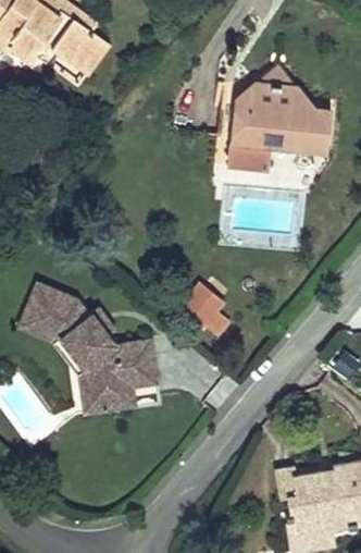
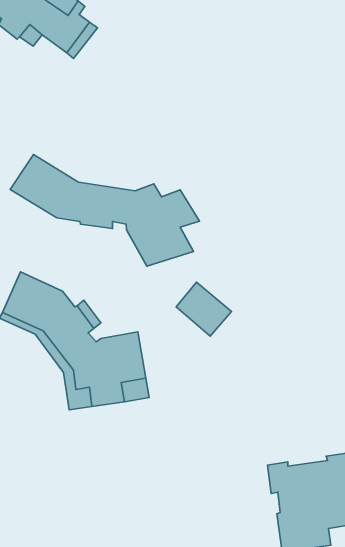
building: [227,61,335,171] -> none
building: none -> [10,154,200,266]

